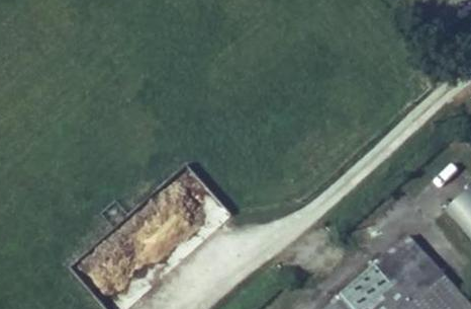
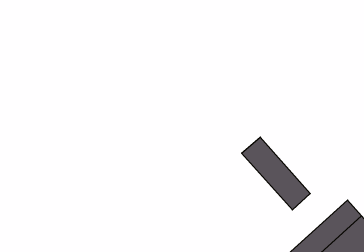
building: none -> [242,137,310,210]

